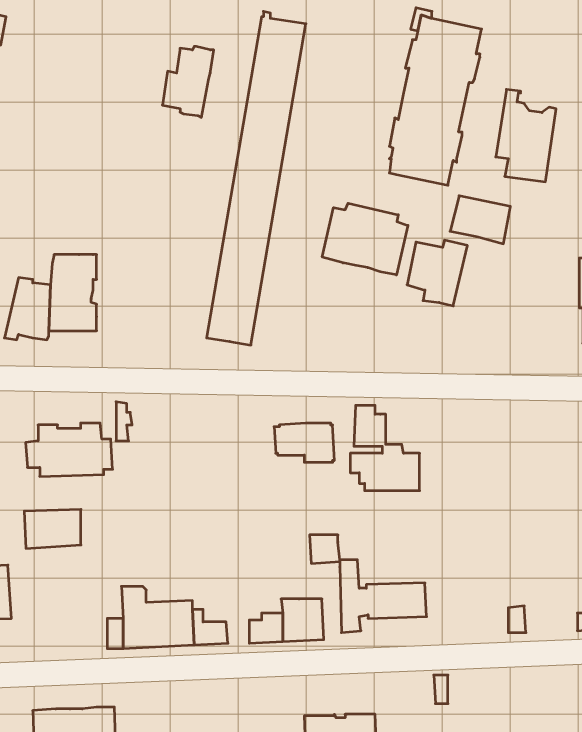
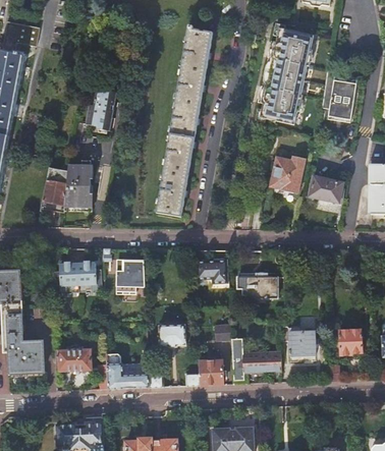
building: [162,46,214,117] -> [87,89,116,129]
building: [450,196,510,244] -> [309,175,343,203]
building: [322,203,408,275] -> none
building: none -> [115,258,145,293]
building: [24,509,81,548] -> [58,348,91,371]
building: none -> [159,324,186,346]
building: none -> [339,329,363,354]
building: none -> [289,331,316,354]

